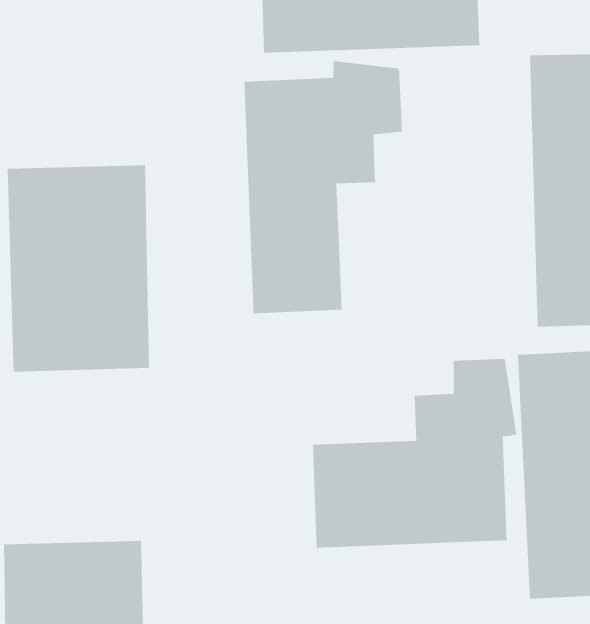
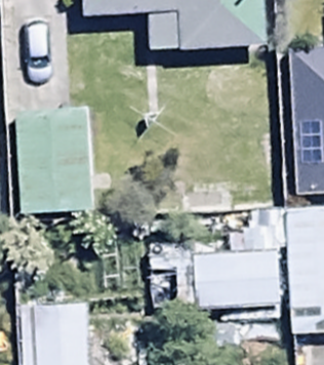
building: [244,60,402,314] -> none

